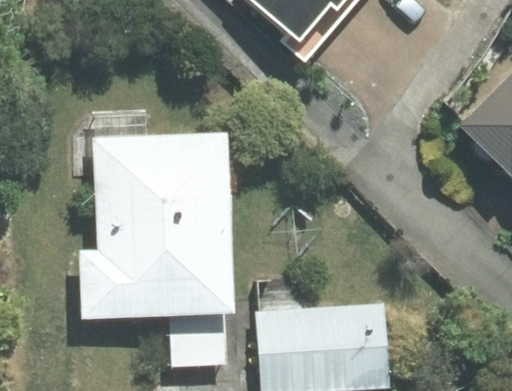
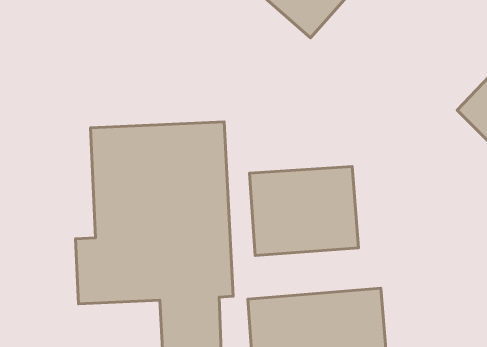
building: none -> [249,167,358,255]

